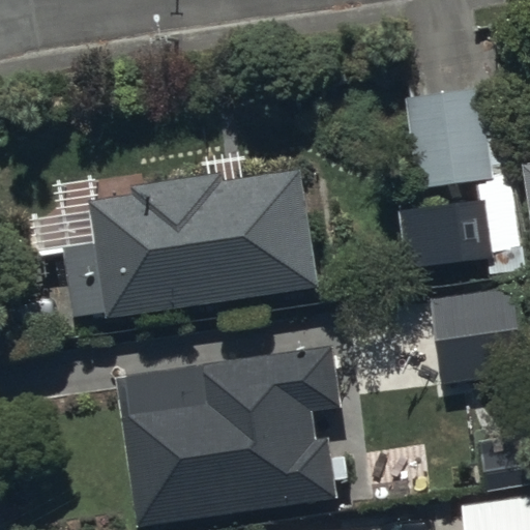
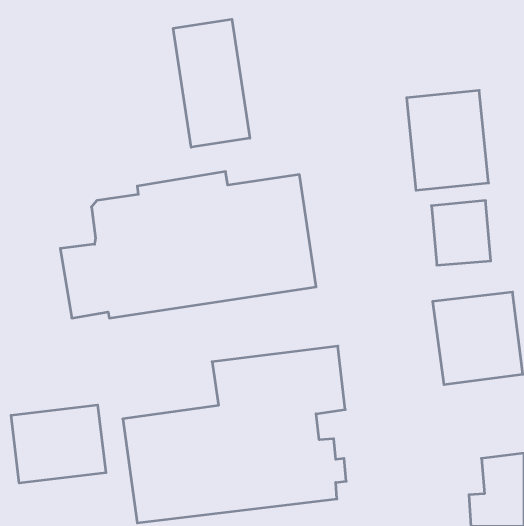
building: none -> [173,19,250,147]
building: none -> [11,405,106,483]

